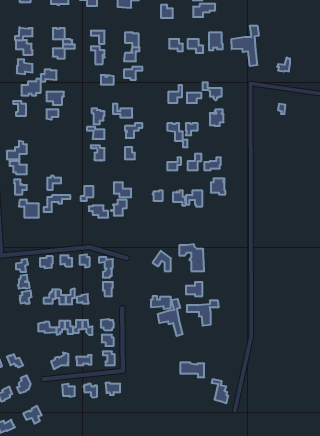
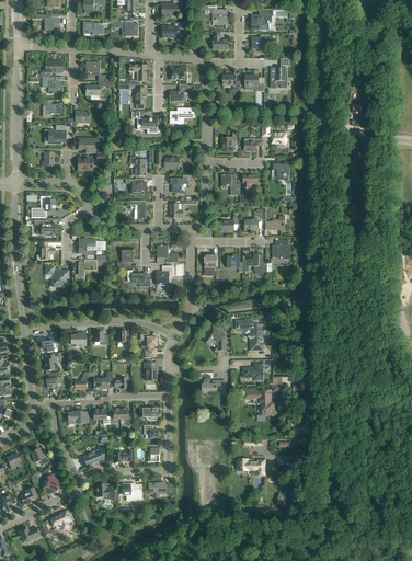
building: [232,26,259,66] -> none
building: [158,299,183,336] -> none

